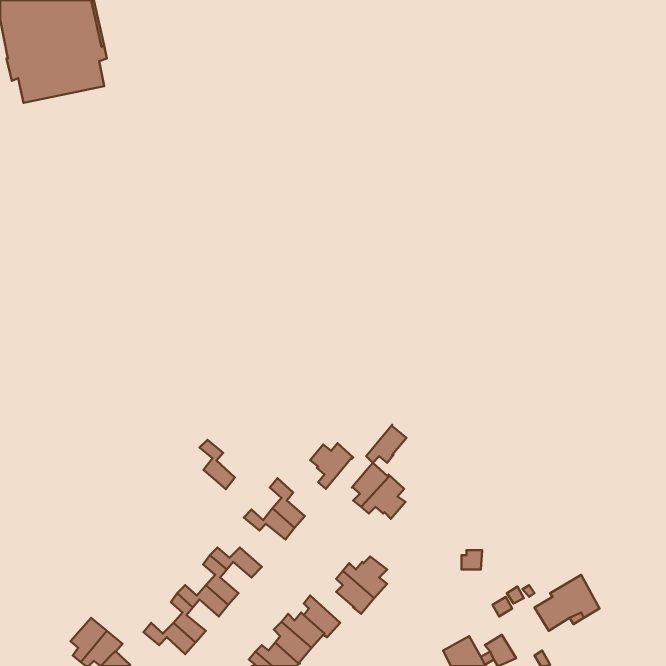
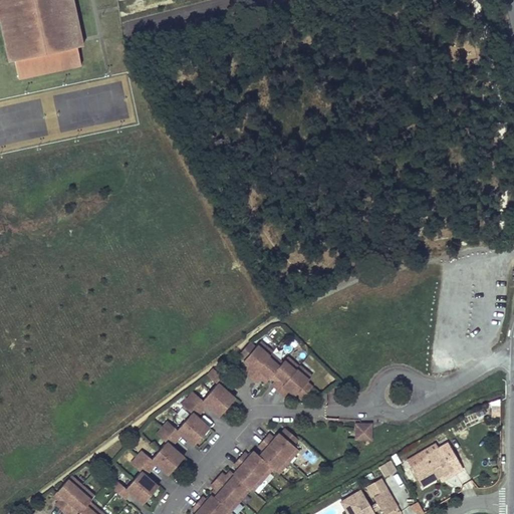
building: [366,425,407,463] -> [251,352,282,381]
building: [200,440,235,489] -> [182,399,209,437]
building: none -> [239,451,273,480]

